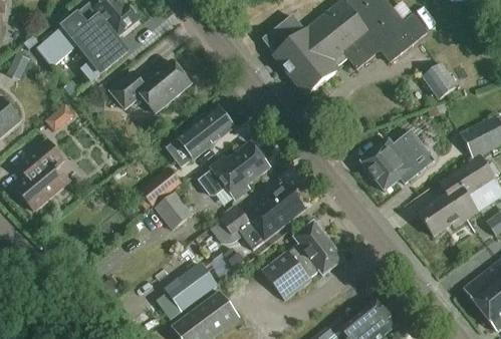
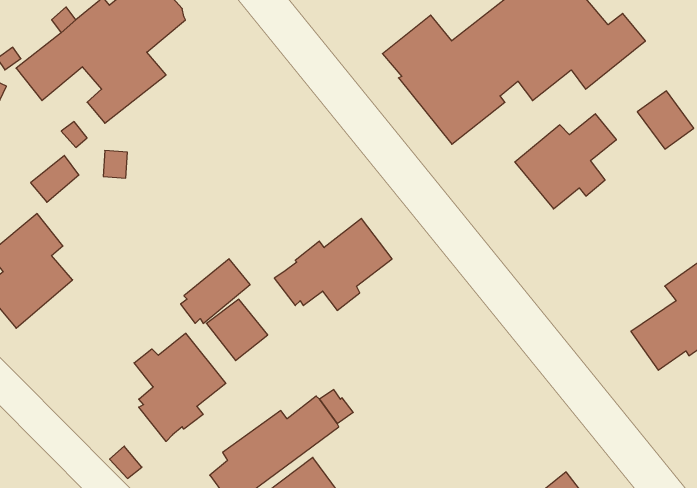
building: [109,59,191,112] -> none
building: [177,106,234,159] -> none
building: [360,131,424,191] -> [515,114,616,209]
building: [210,184,306,251] -> none
building: none -> [134,333,226,441]
building: [263,221,343,299] -> none

